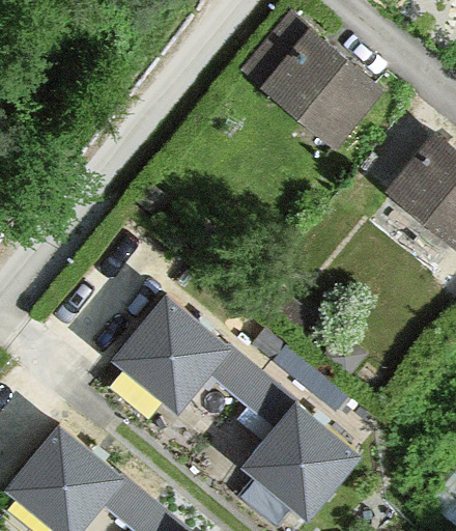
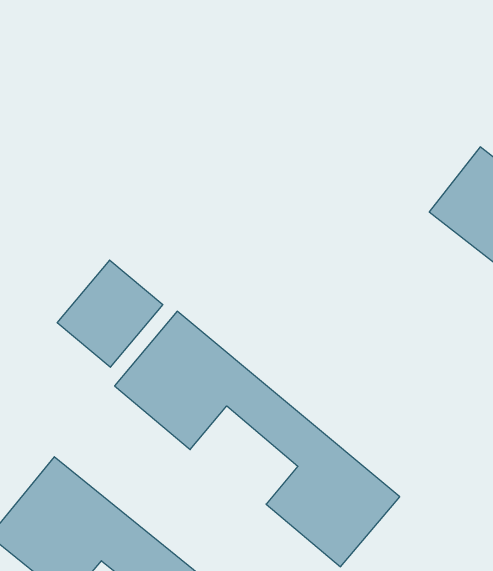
building: [269,39,380,149] -> none
building: none -> [57,260,163,367]

